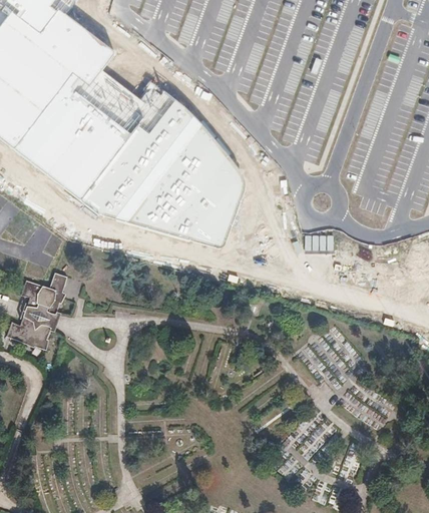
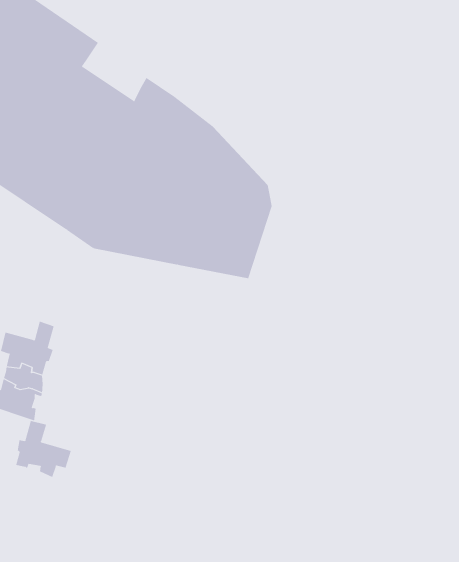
building: none -> [15,420,71,478]

